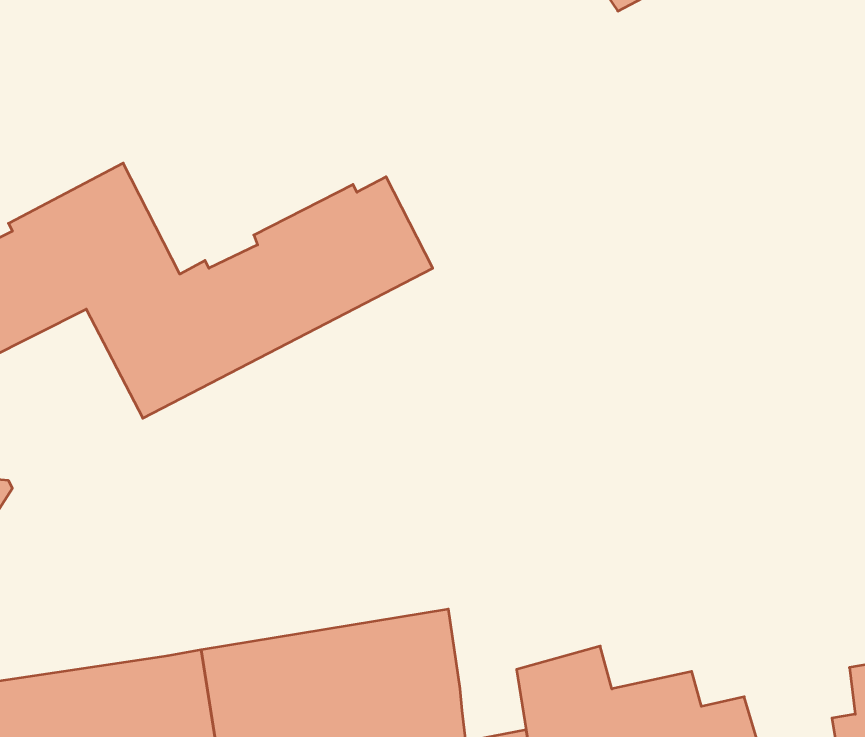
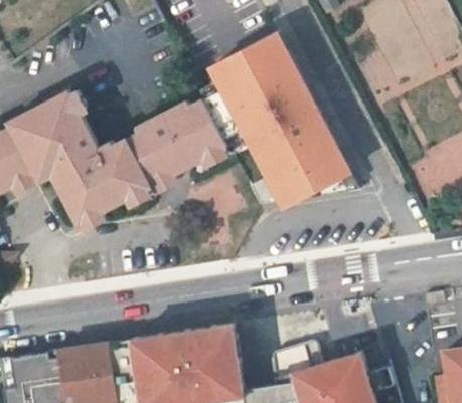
building: none -> [210,37,349,205]

